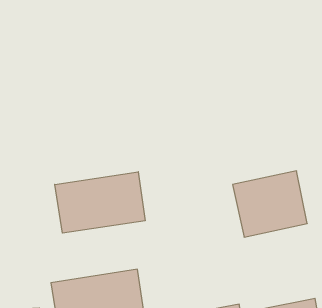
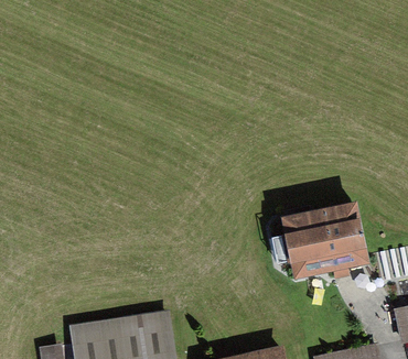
building: [55,172,145,233] -> none

